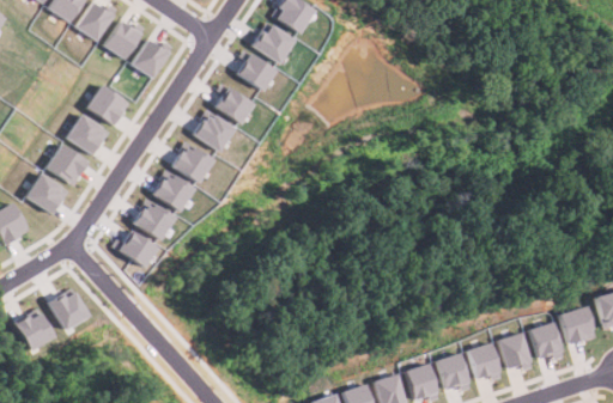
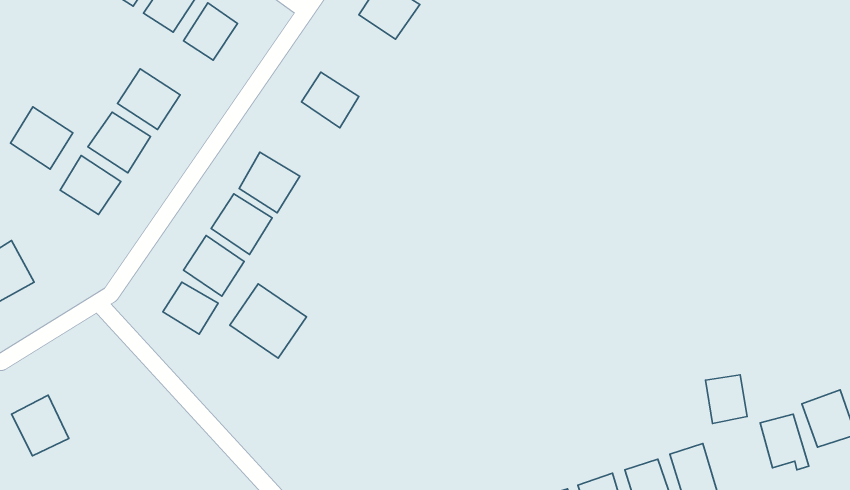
building: [236,54,274,90] -> none
building: [192,110,233,152] -> none
building: [25,172,68,215] -> [10,107,73,169]
building: none -> [230,284,306,358]
building: [48,289,87,330] -> none
building: [499,334,528,367] -> [706,375,747,424]

